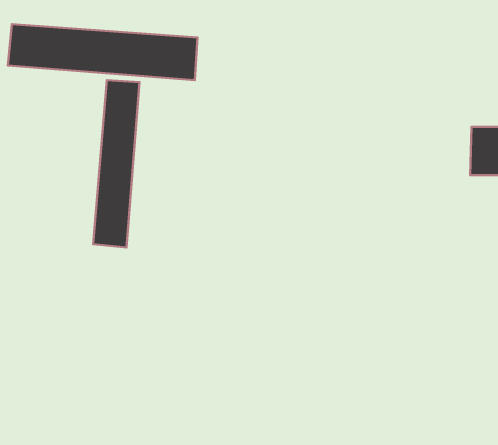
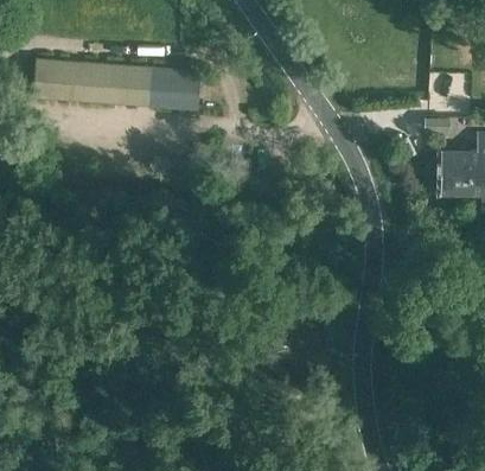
building: [93,80,140,247] -> none

